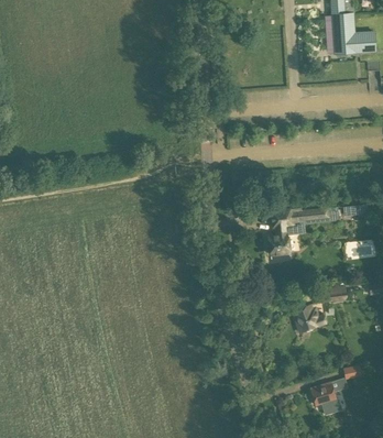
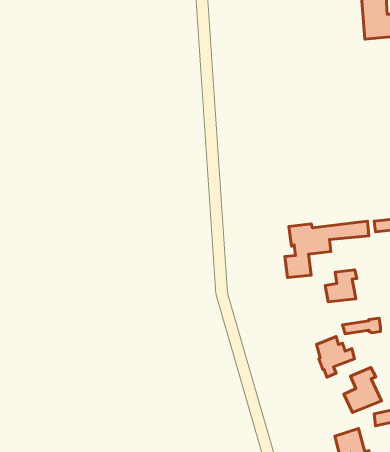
building: none -> [325,270,357,302]
building: none -> [344,367,382,412]

